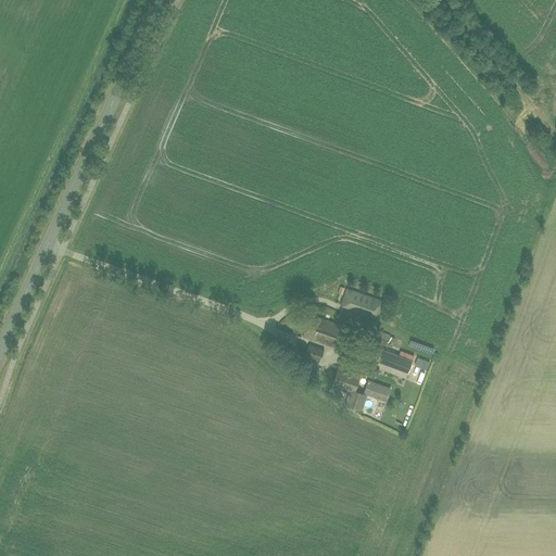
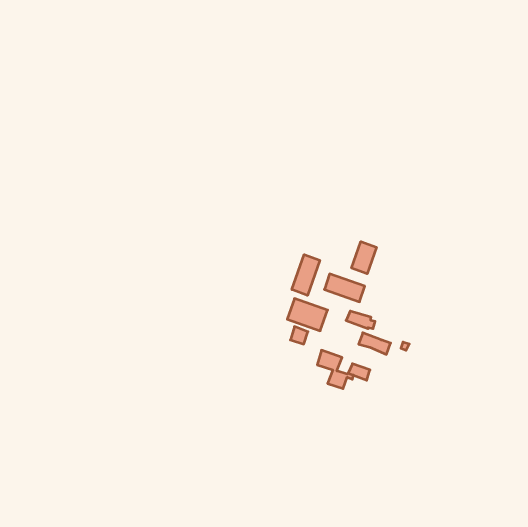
building: none -> [352,242,376,274]
building: none -> [292,255,320,295]

